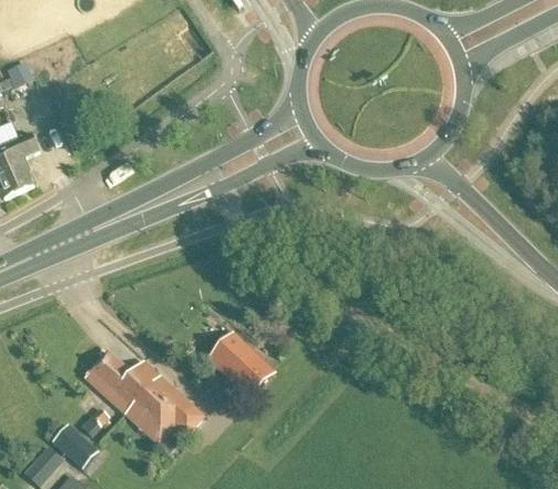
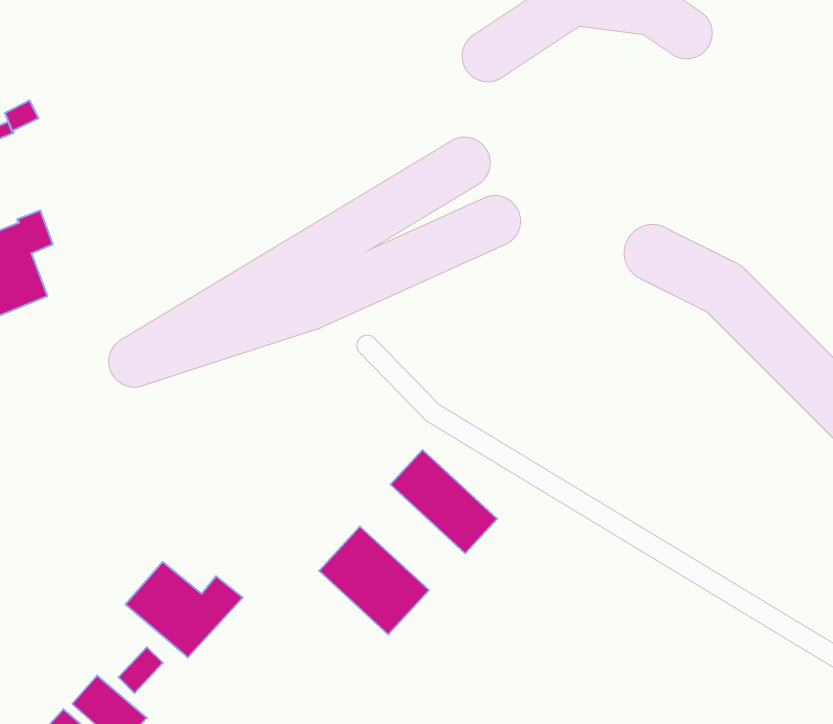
building: none -> [390,450,497,553]
building: [123,374,203,441] -> none

